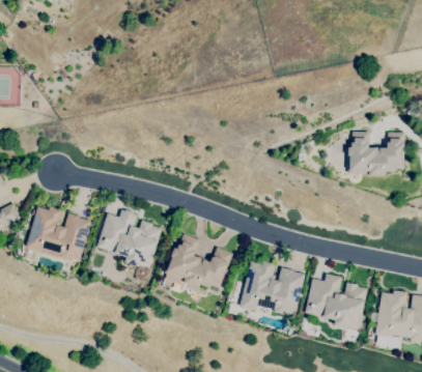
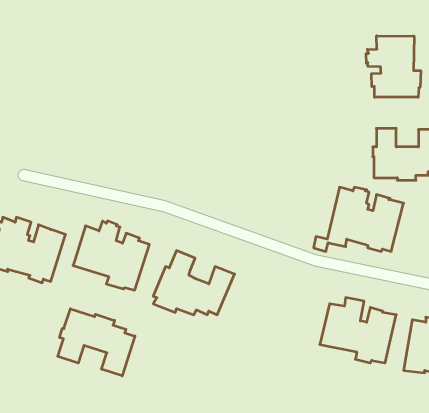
building: none -> [366,36,421,97]
building: [229,261,305,315] -> [314,187,404,251]
building: none -> [58,309,135,376]

